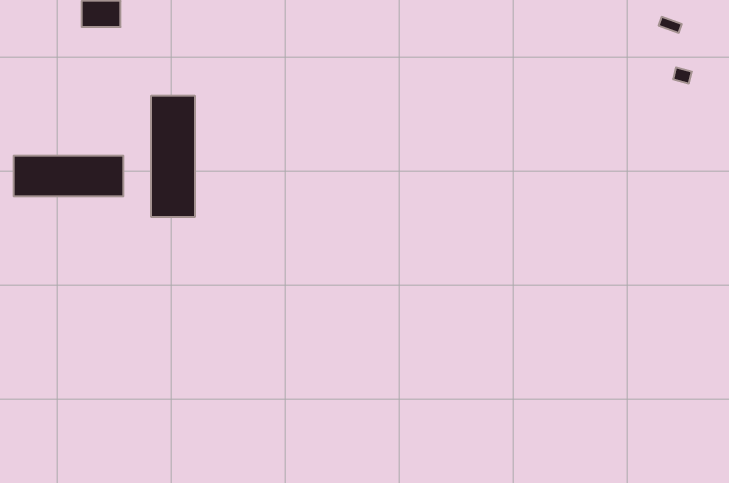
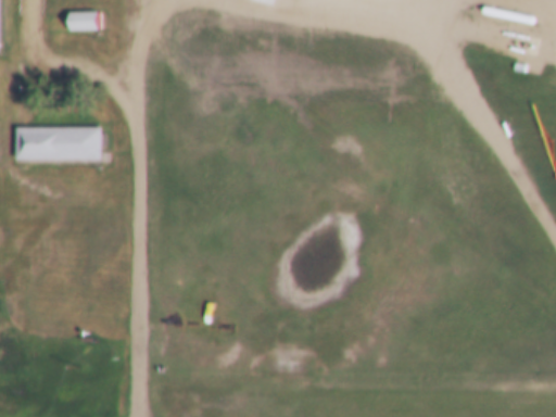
building: [151,96,195,217] -> none

